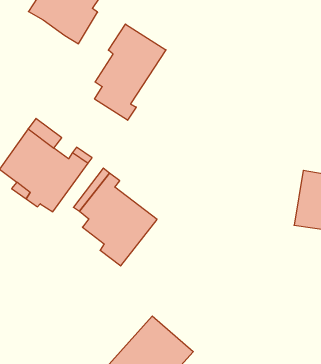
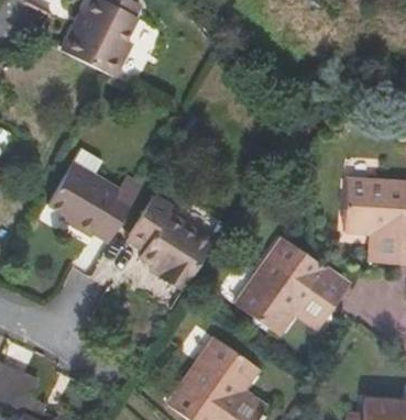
building: [95,24,166,120] -> none
building: none -> [237,237,349,335]

